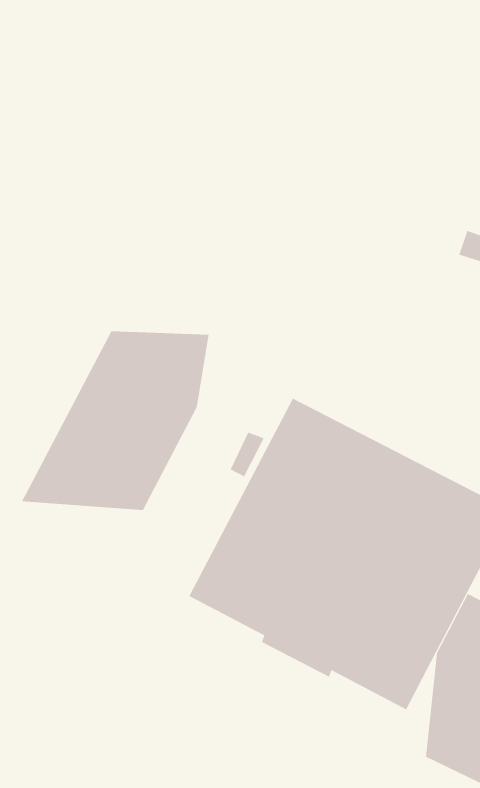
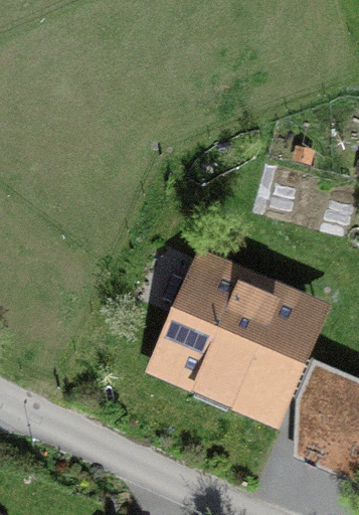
building: [21,330,209,511] -> none

